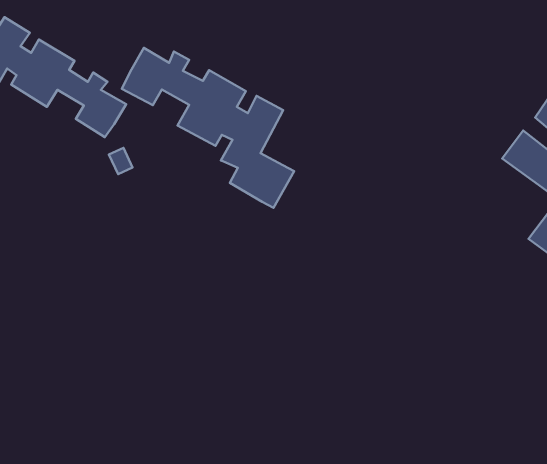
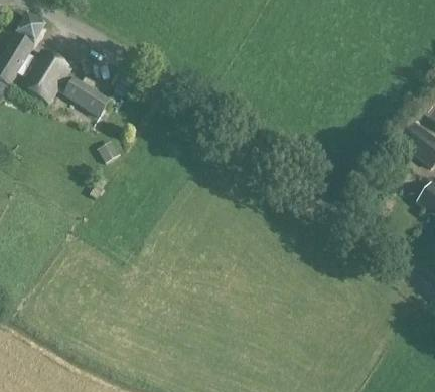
building: [122,48,294,208] -> none

